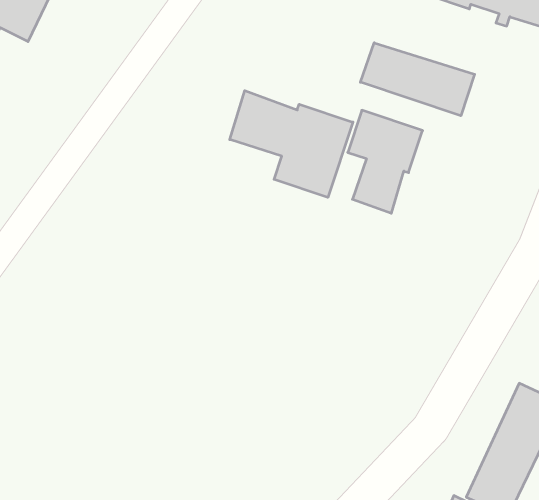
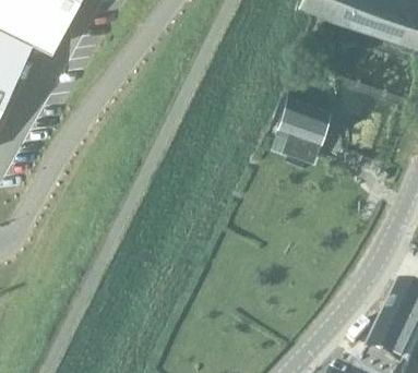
building: [360,43,475,116] -> none
building: [230,91,353,197] -> none

